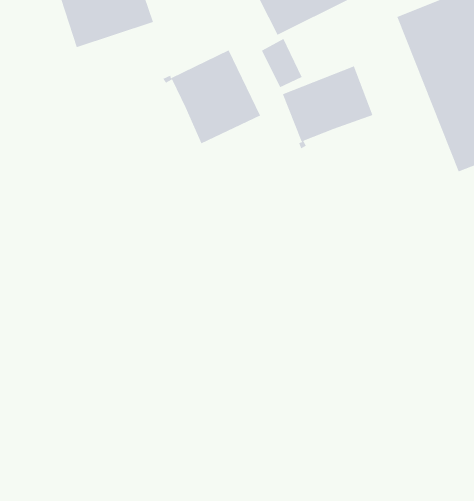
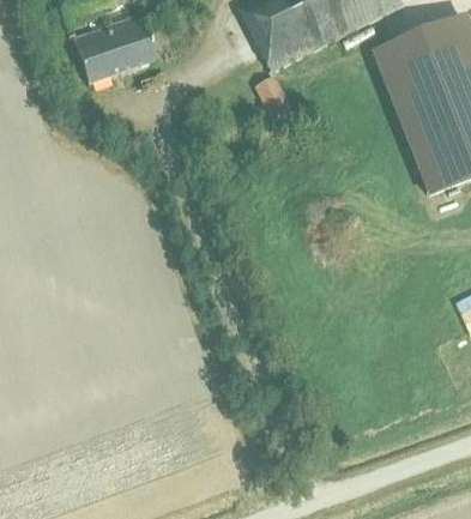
building: [162,50,261,144] -> none
building: [282,66,373,149] -> none

